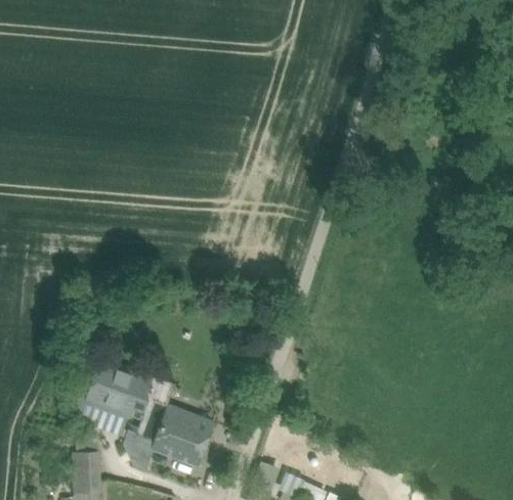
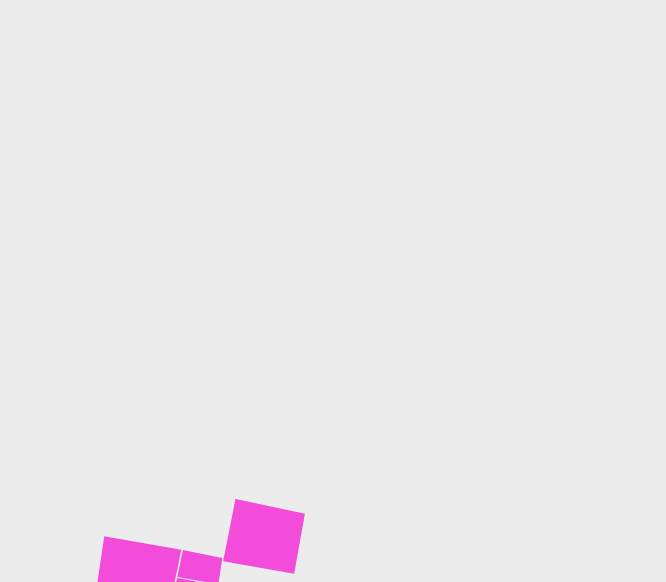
building: none -> [223,498,305,575]

